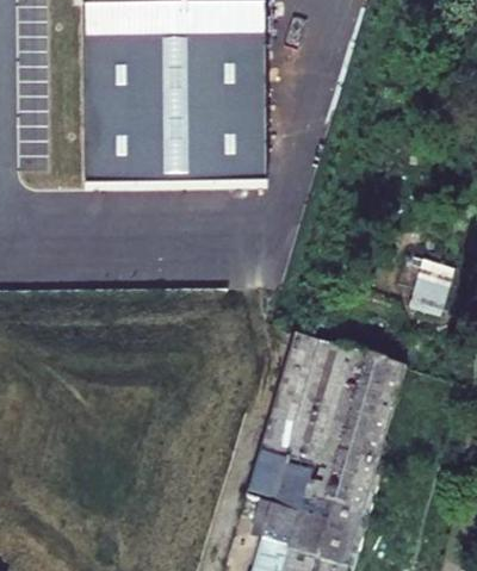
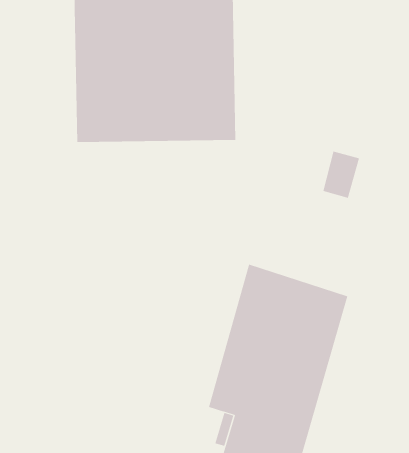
building: [415,263,458,318] -> [323,151,360,199]

